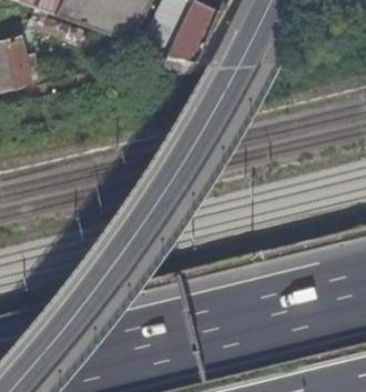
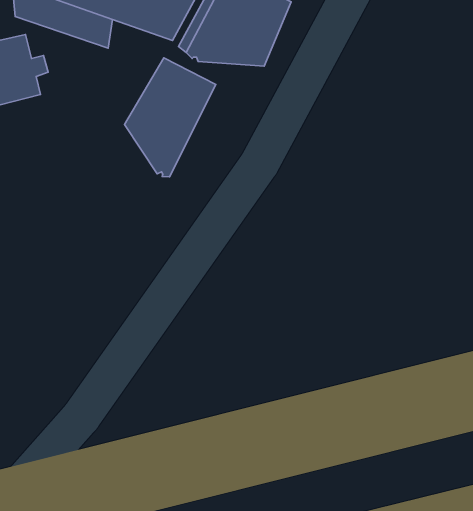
building: none -> [124,58,216,177]

